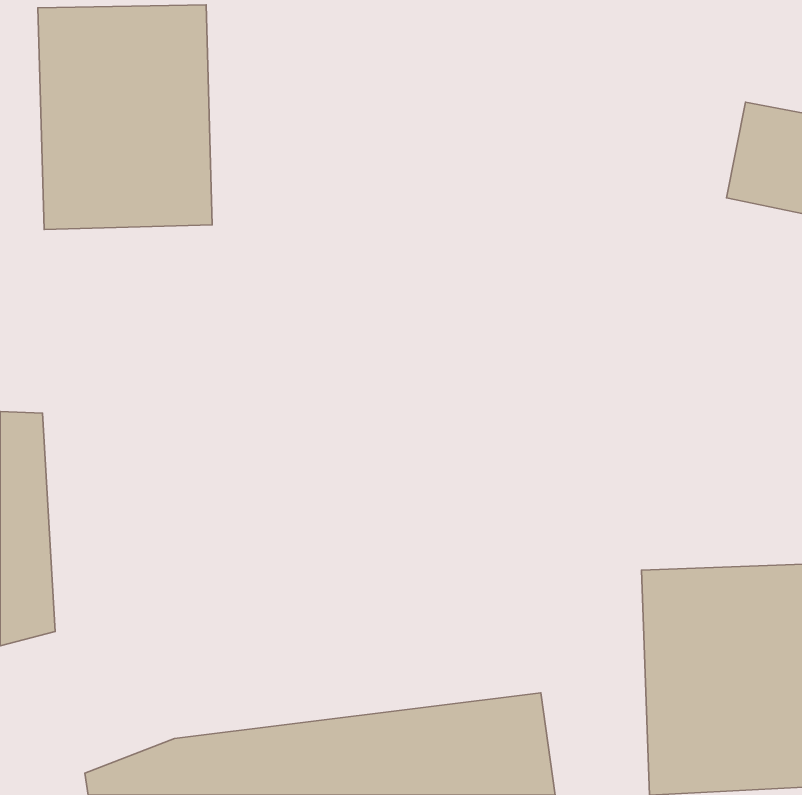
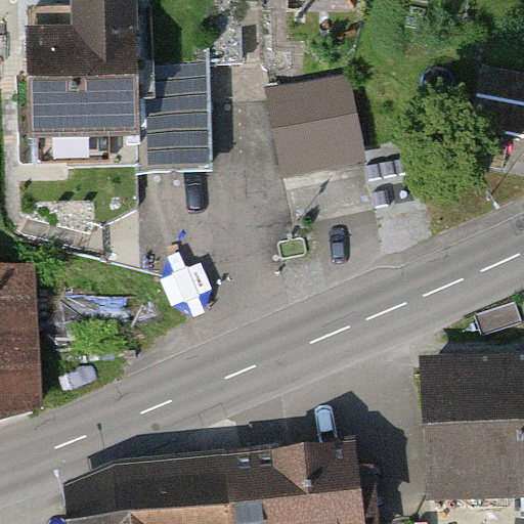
building: none -> [154,57,220,165]
building: none -> [270,67,365,159]

